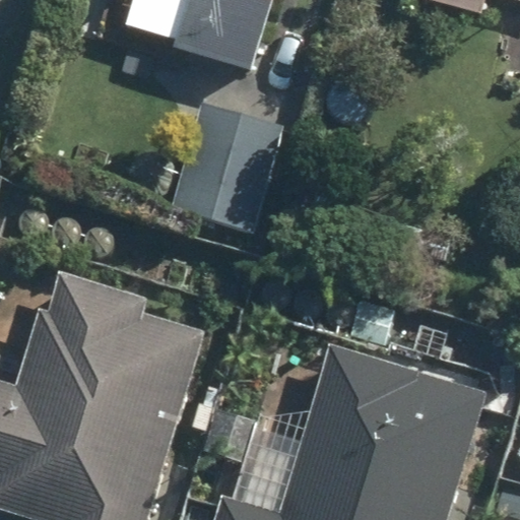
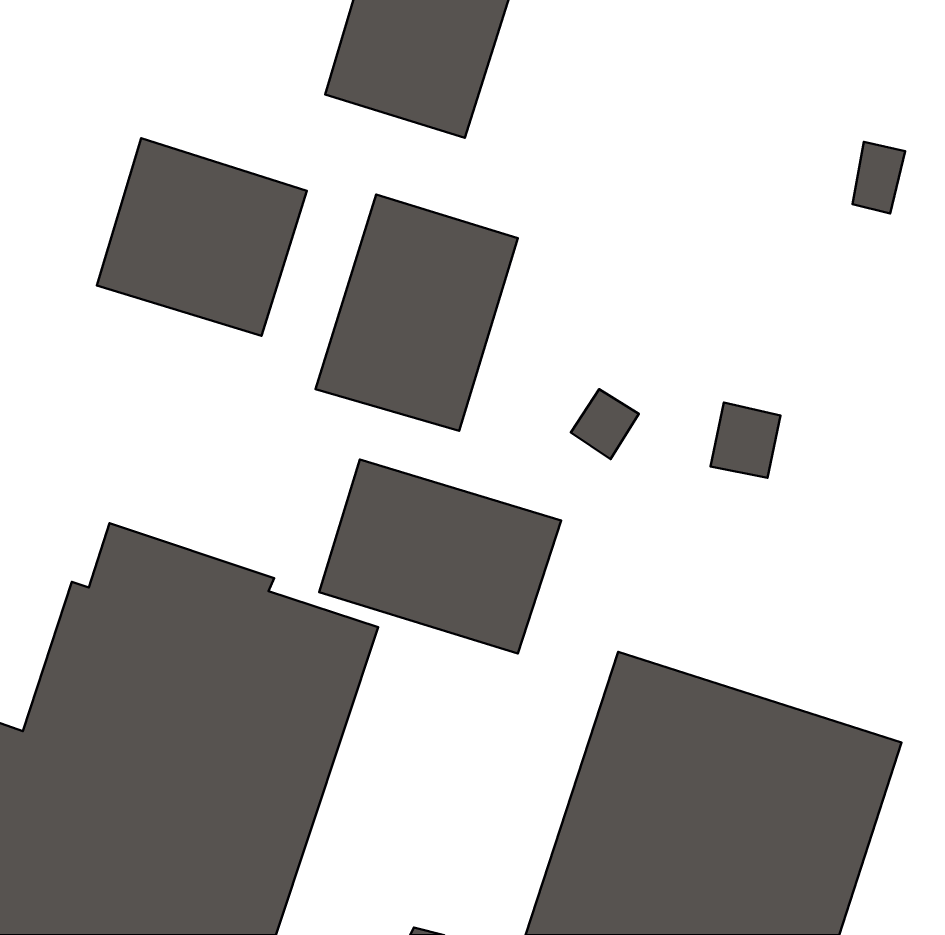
building: none -> [97,138,307,336]
building: none -> [319,460,561,654]

